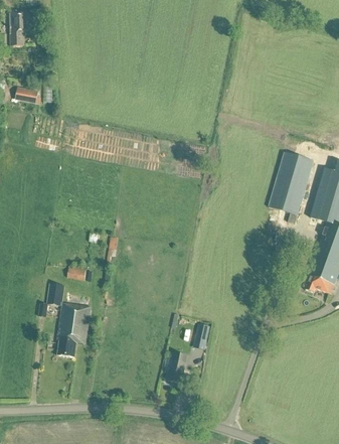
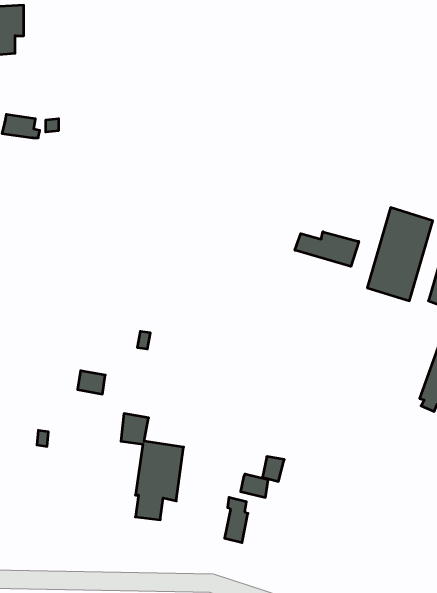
building: none -> [295,232,359,266]
building: [47,283,91,356] -> [121,414,184,520]

